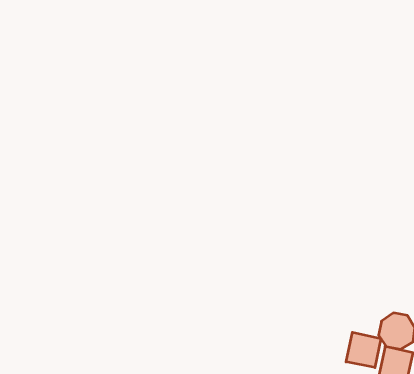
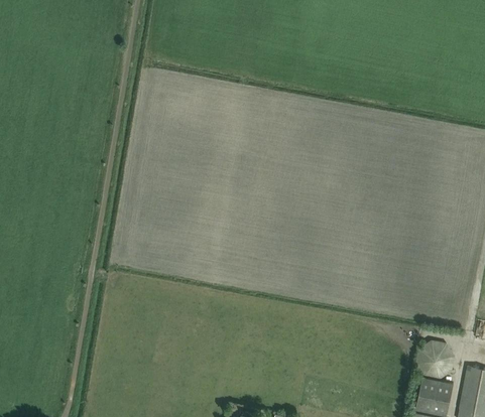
building: [346,332,381,368] -> none

